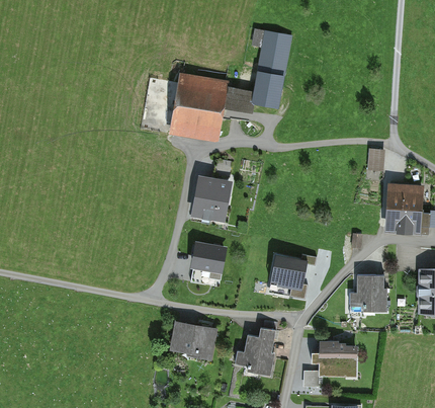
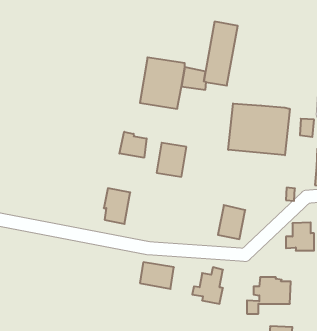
building: none -> [228,103,290,155]
building: none -> [119,132,147,158]
building: [192,242,225,285] -> [104,188,130,224]

